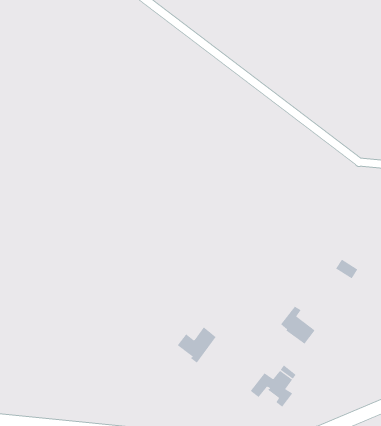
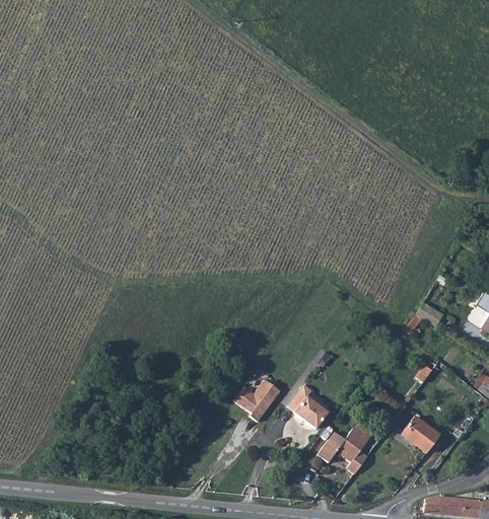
building: [280,306,315,345] -> [289,384,330,429]
building: none -> [404,416,439,452]

